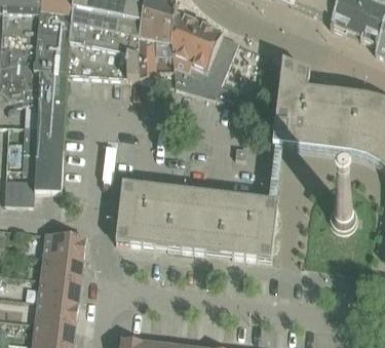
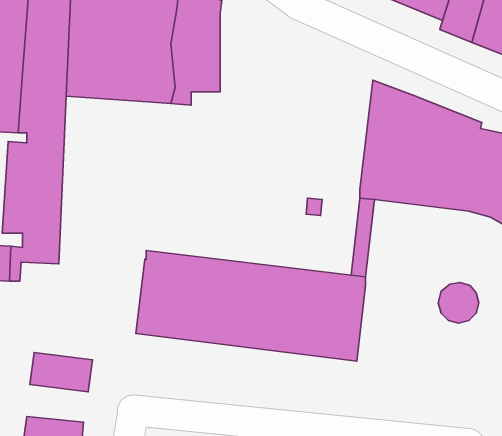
building: [175,14,238,100] -> none
building: [43,231,86,259] -> none
building: [38,276,81,303] -> none

